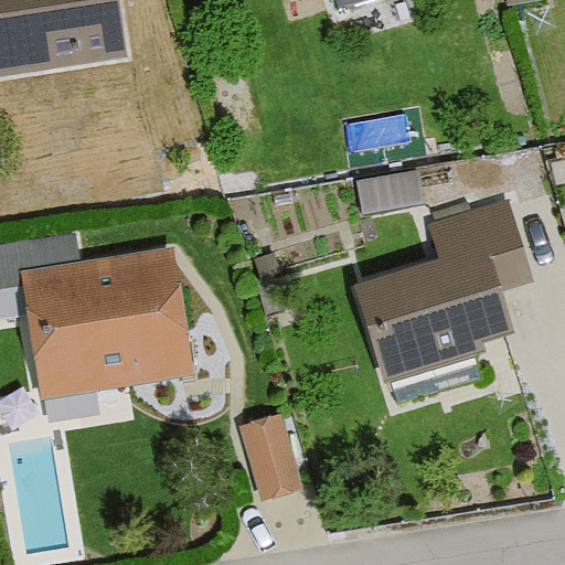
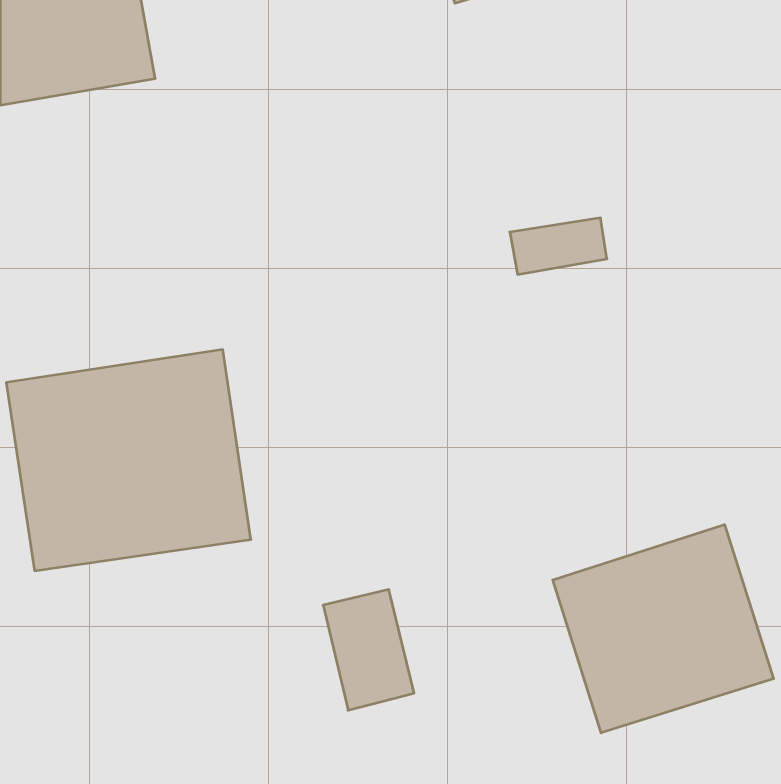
building: [359,196,531,375] -> none
building: none -> [553,525,774,733]

